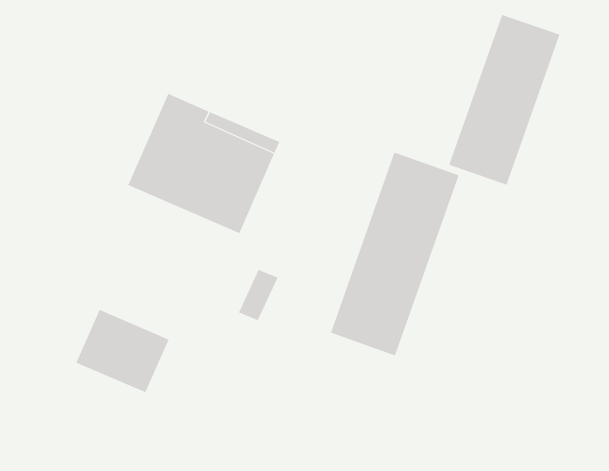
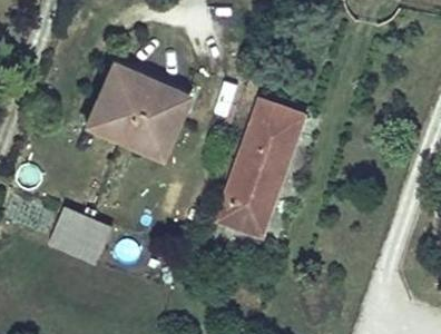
building: [449,14,560,185] -> none

